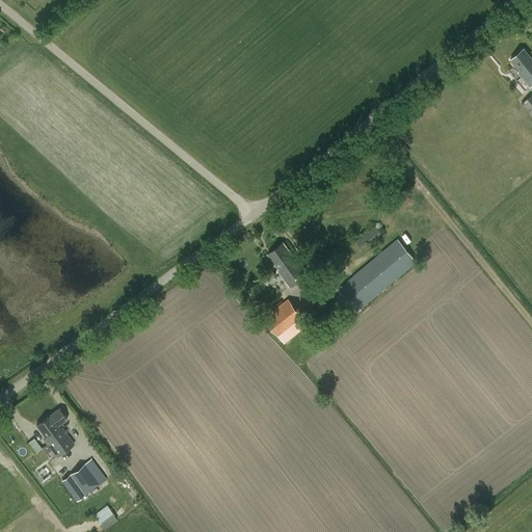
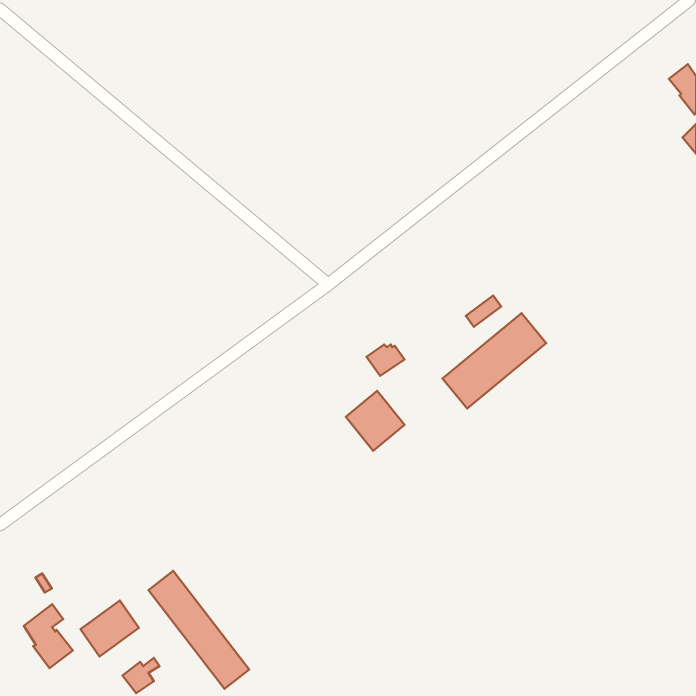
building: [268,243,298,272] -> none
building: [36,408,74,457] -> [24,604,73,668]
building: none -> [148,571,249,689]

